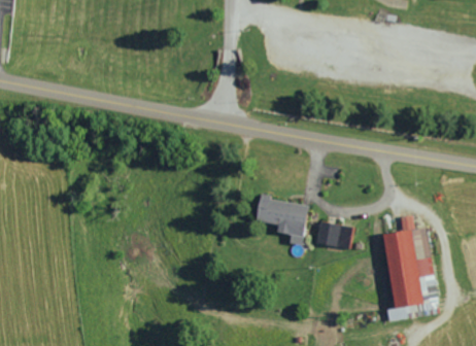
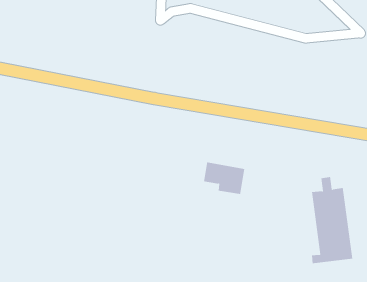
building: [314,220,350,248] -> none

